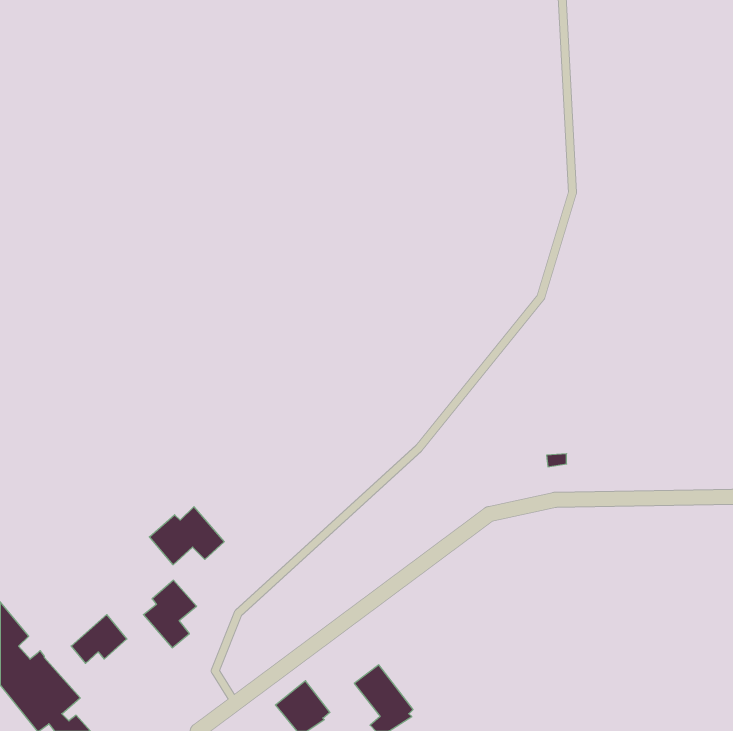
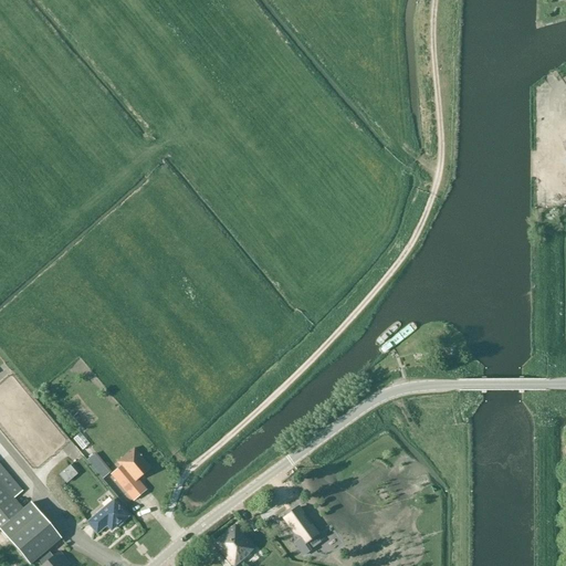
building: [149,507,224,565] -> none
building: [71,615,127,663] -> [86,496,129,534]

